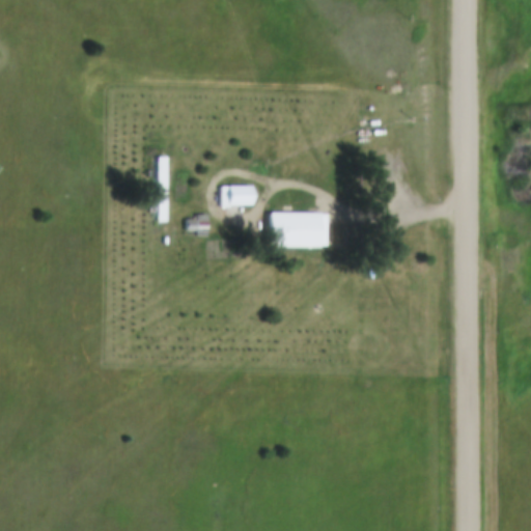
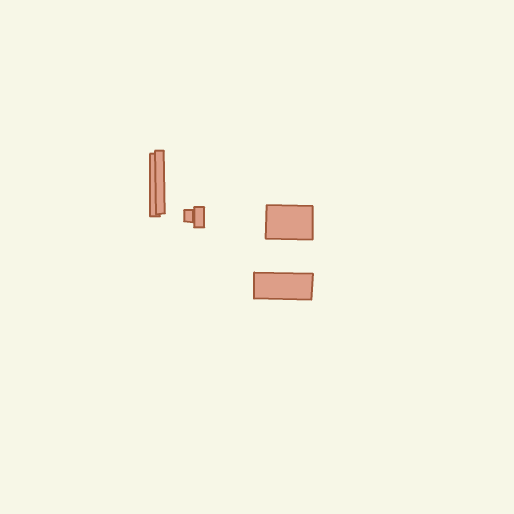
building: [224,186,255,203] -> none
building: none -> [254,272,313,300]

